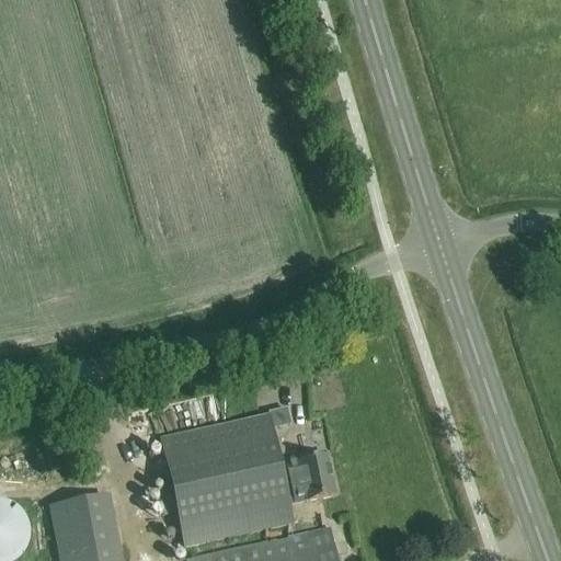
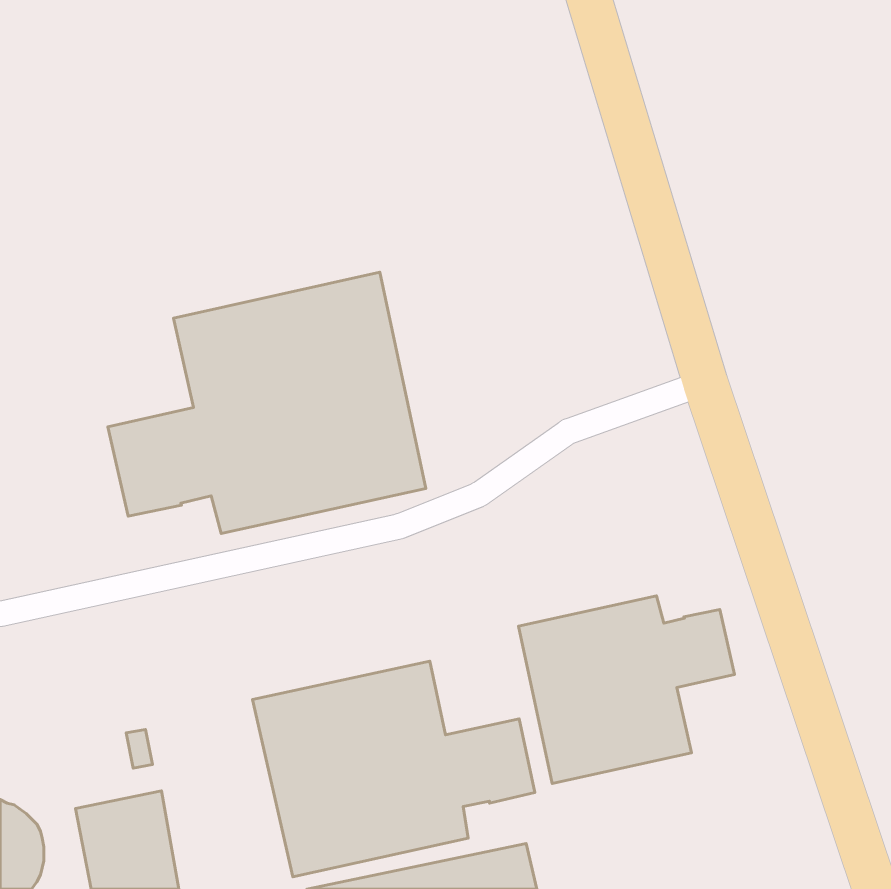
building: none -> [108,272,426,533]
building: none -> [519,596,735,784]

